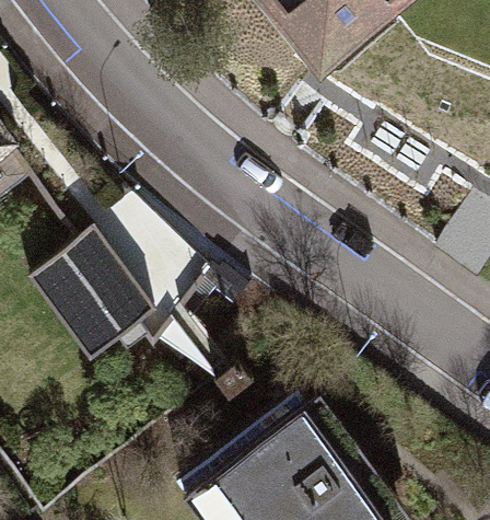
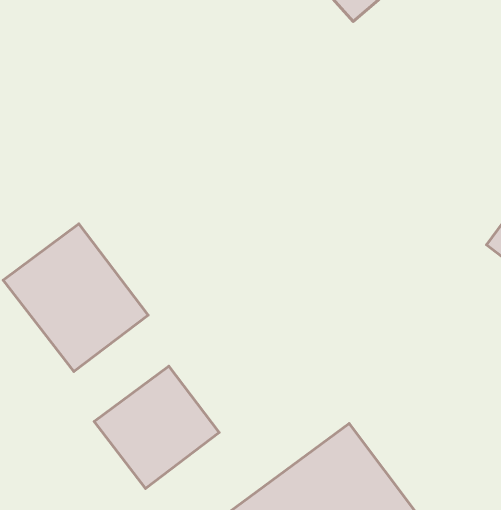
building: none -> [94,366,219,488]

